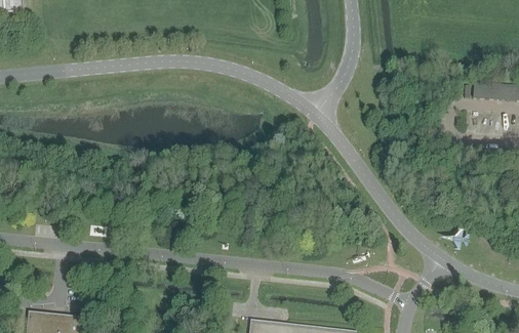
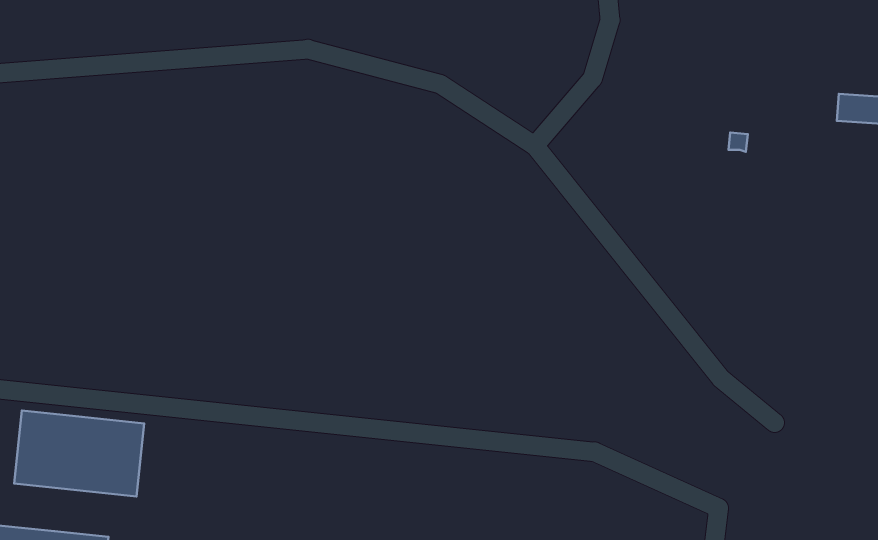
building: none -> [14,411,144,496]

